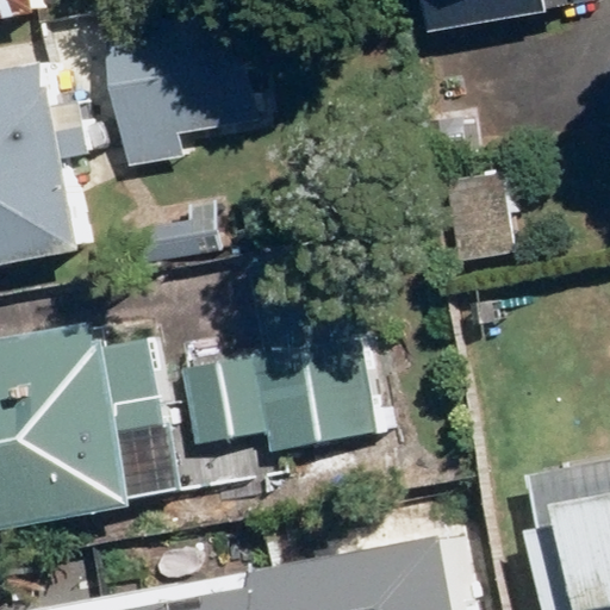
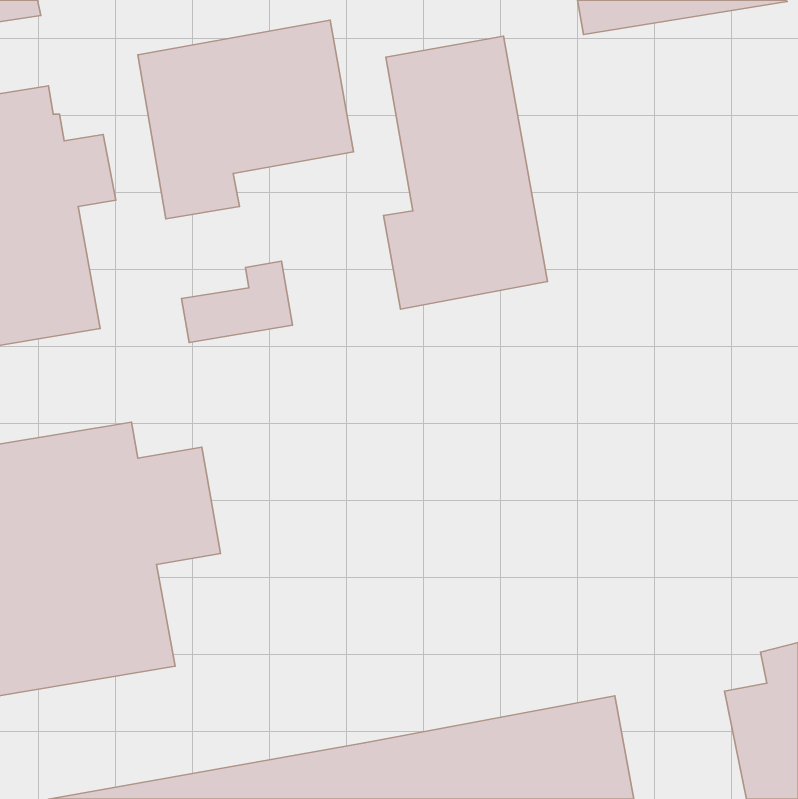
building: none -> [383,36,547,309]
building: [181,335,375,450] -> none

